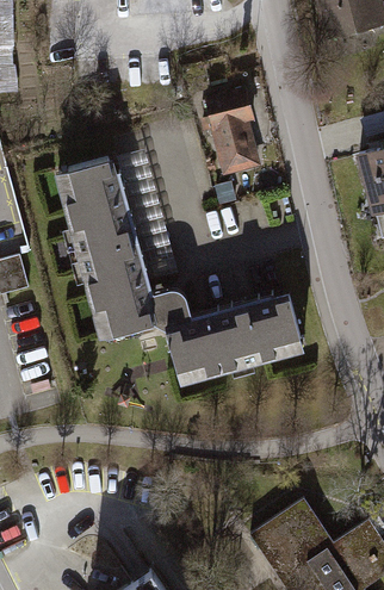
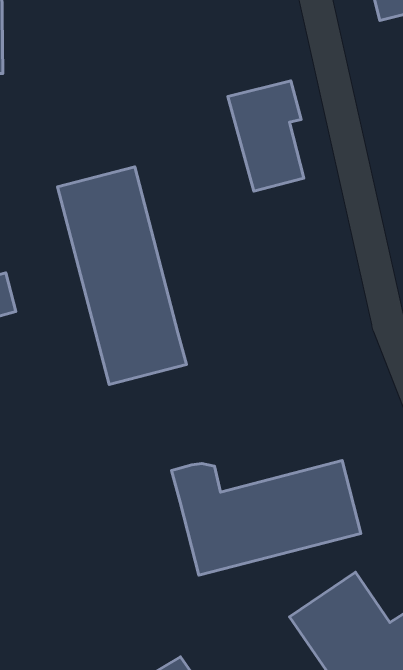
building: [156,290,314,385] -> [172,461,361,575]

